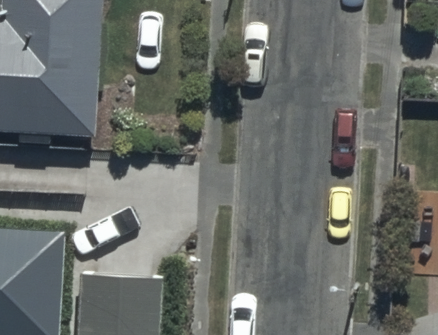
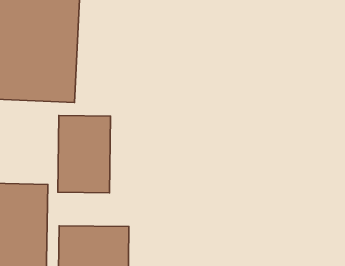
building: none -> [58,116,111,193]

